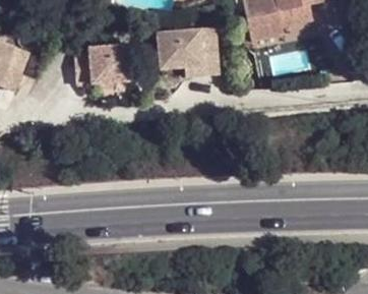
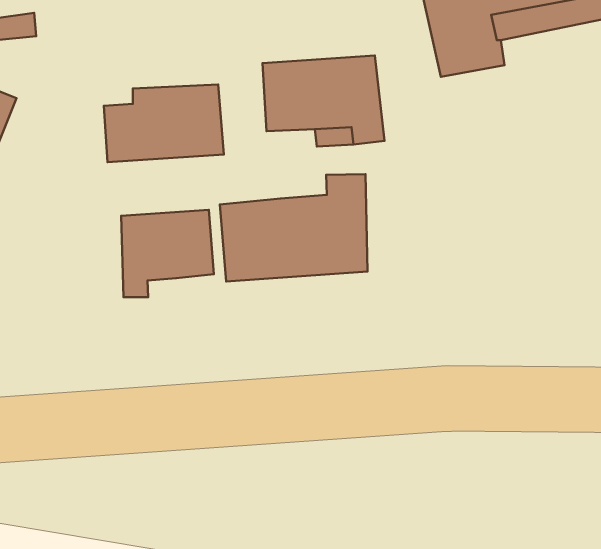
building: none -> [220,174,367,281]
building: none -> [121,210,214,297]

